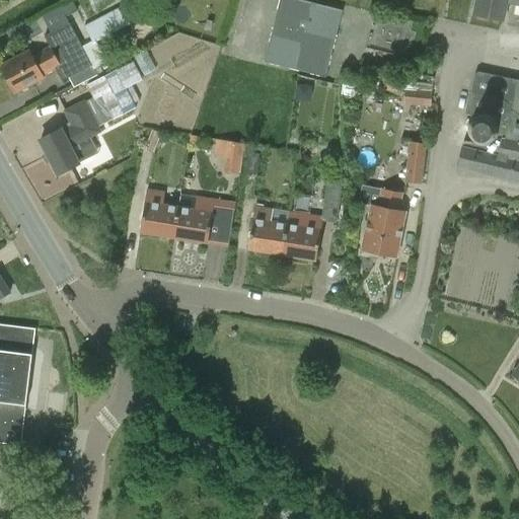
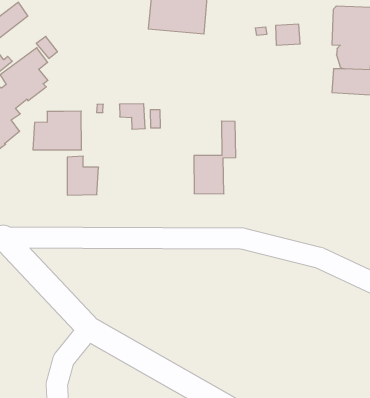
building: [404,140,427,183] -> none
building: [358,183,406,256] -> none
building: [173,197,235,246] -> [33,111,82,150]
building: [248,206,290,254] -> none

